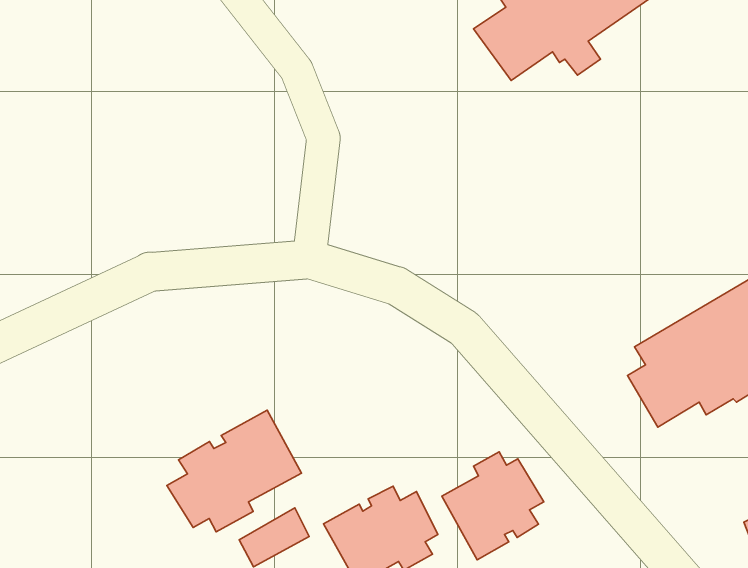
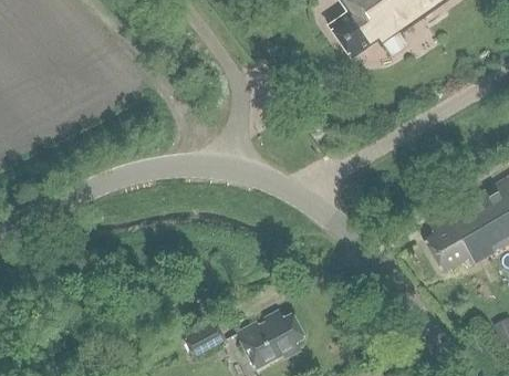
building: [167,410,302,532] -> none
building: [442,452,544,560] -> none

